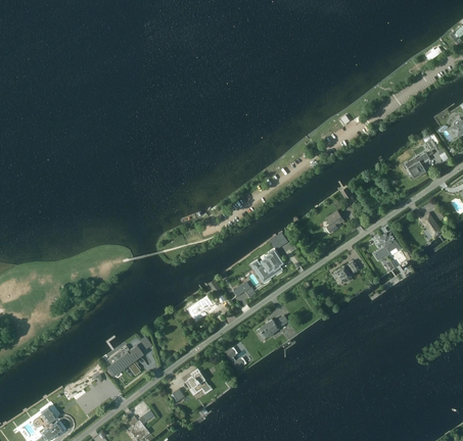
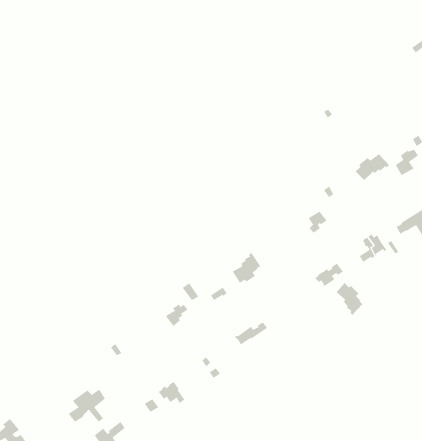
building: none -> [355,154,390,181]
building: none -> [336,282,363,316]
building: [107,344,143,376] -> [68,389,106,423]

